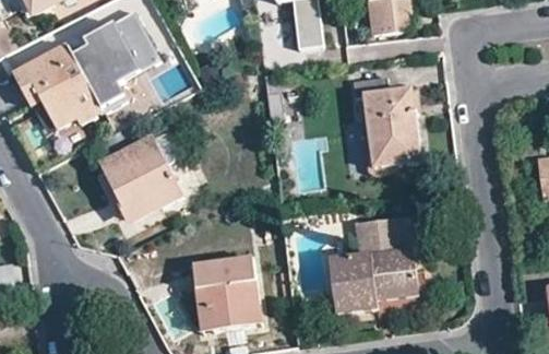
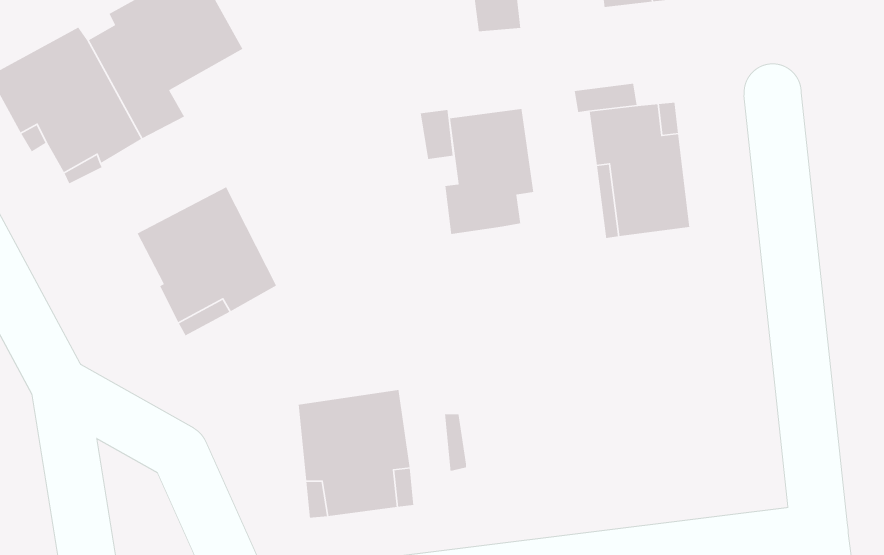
building: none -> [444,108,534,235]
building: [329,214,416,314] -> none

